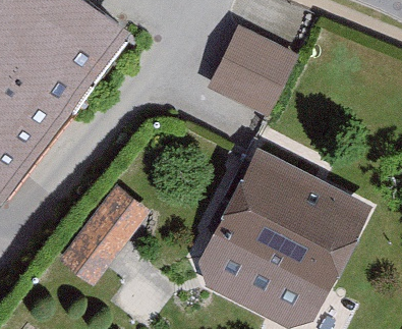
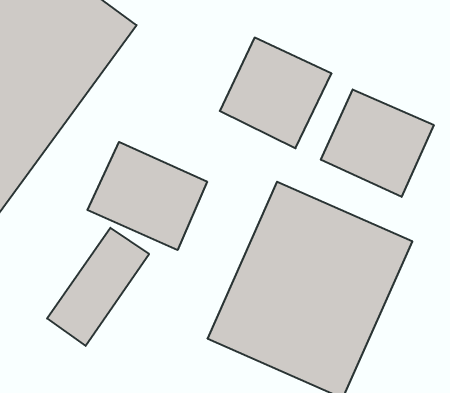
building: none -> [321,89,434,197]
building: none -> [87,142,207,250]

